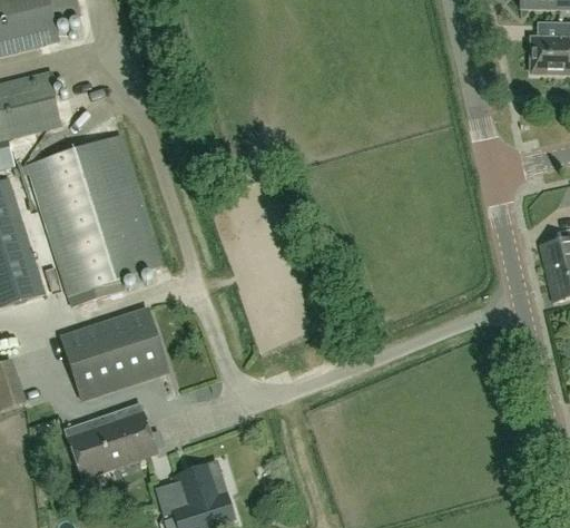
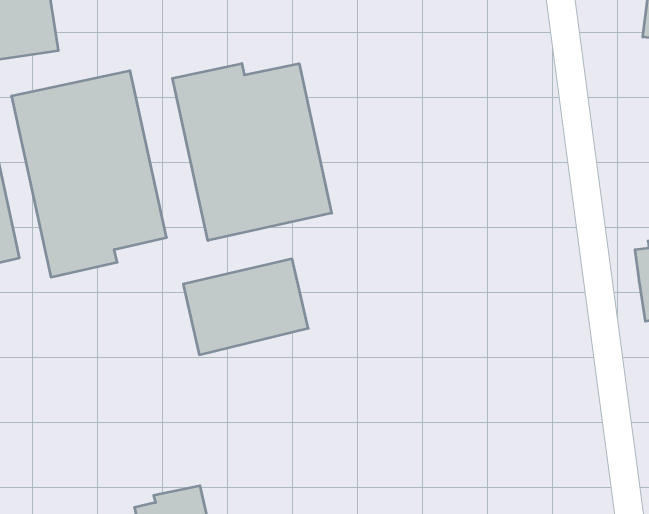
building: none -> [172,63,332,241]
building: [61,306,165,390] -> [183,259,308,355]
building: [66,403,156,478] -> none

